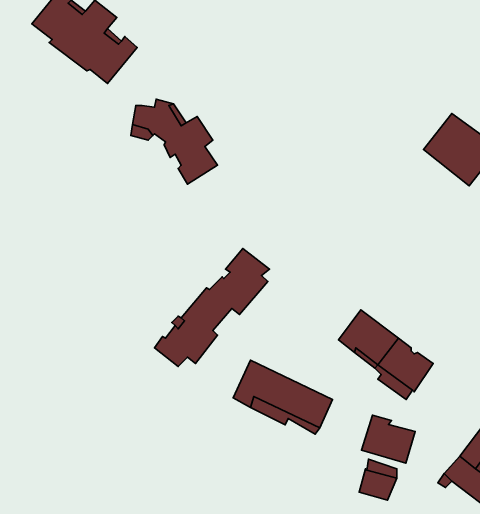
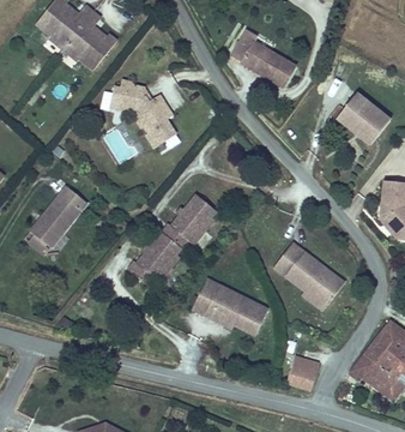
building: none -> [230,25,292,82]
building: none -> [29,182,85,242]
building: [362,415,415,463] -> none

